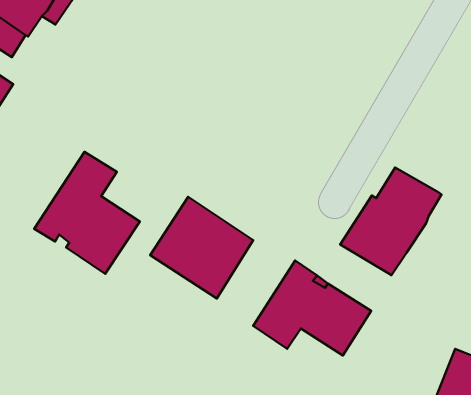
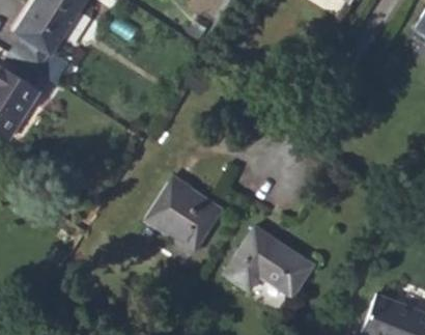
building: [34,152,140,274] -> none
building: [340,167,441,275] -> none

